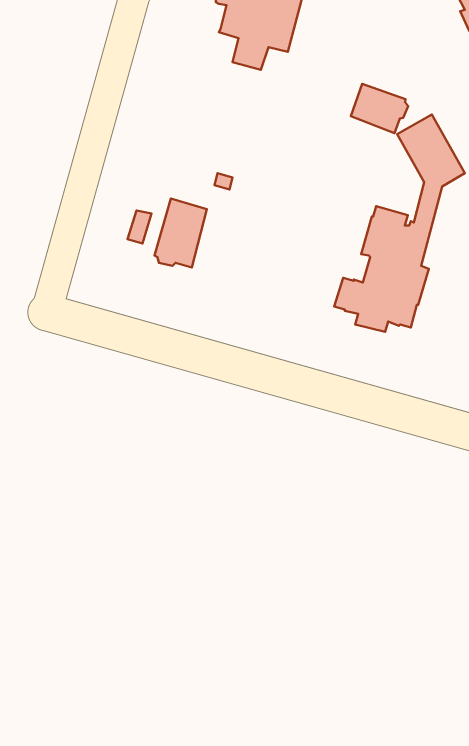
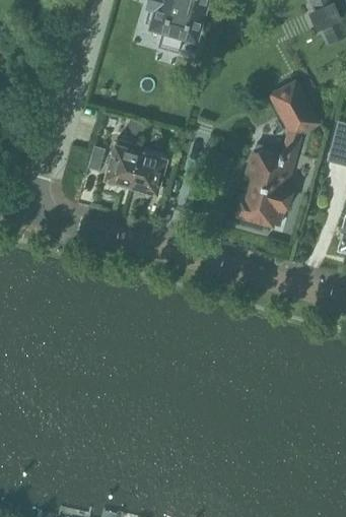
building: [351,84,408,133] -> none
building: none -> [132,147,168,195]

